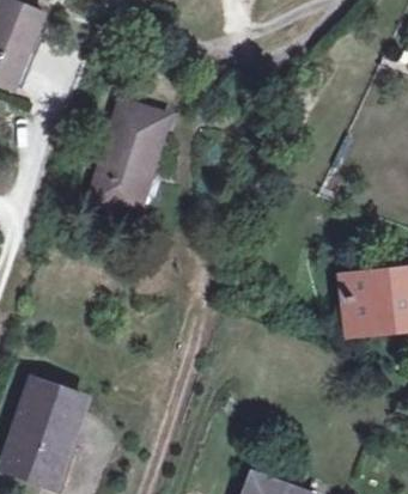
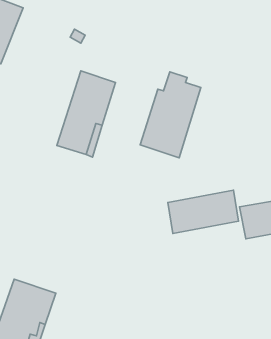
building: none -> [140,72,201,158]
building: none -> [168,190,239,233]

